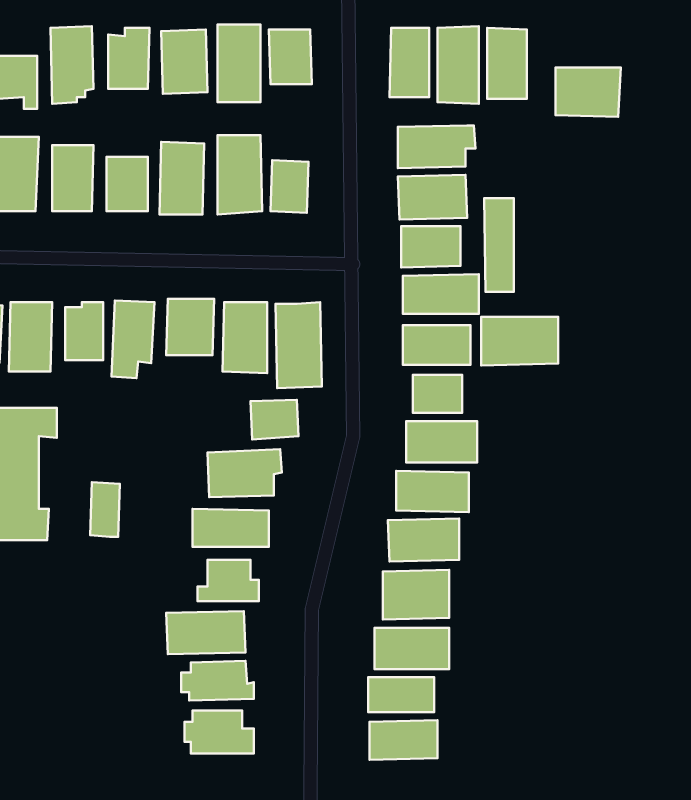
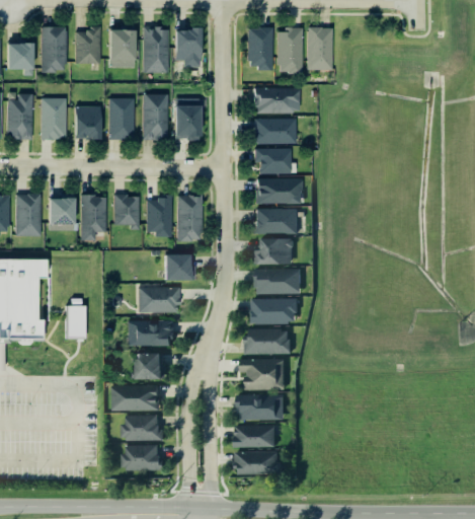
building: [556,67,621,117] -> none
building: [484,198,514,292] -> none
building: [481,317,558,366] -> none

